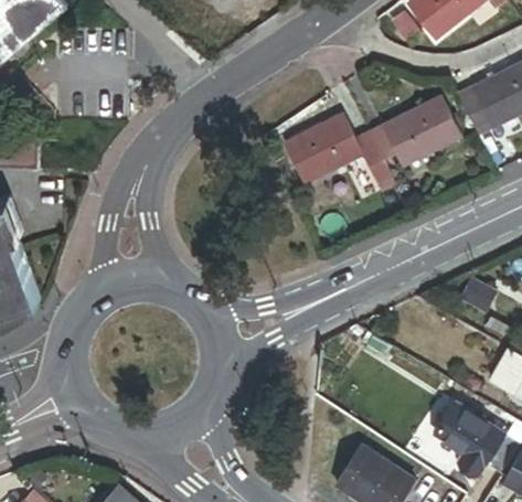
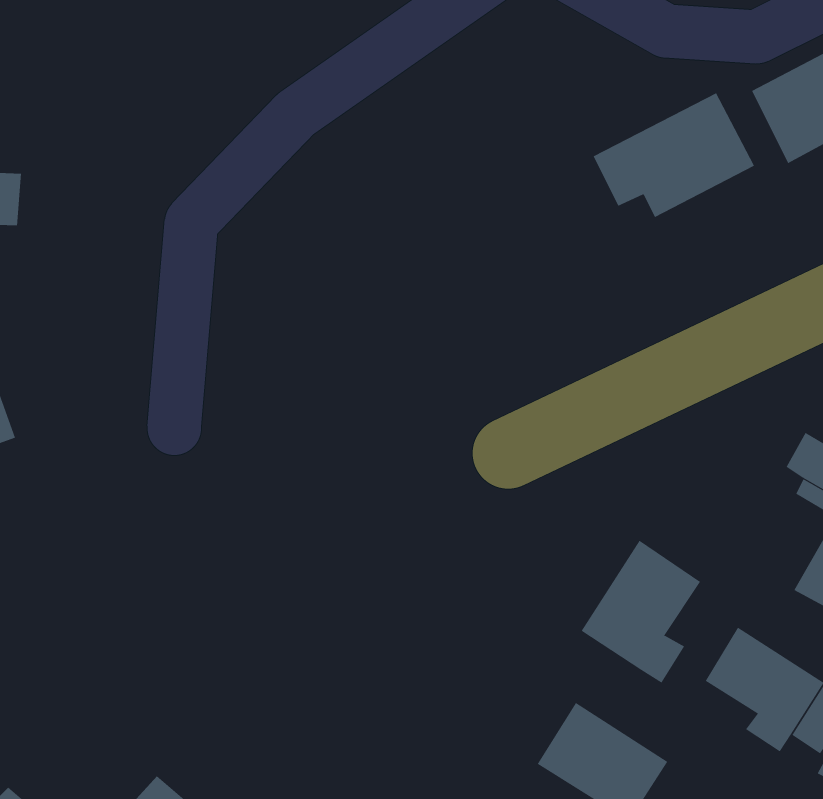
building: [284,114,395,191] -> none
building: none -> [581,540,701,684]

